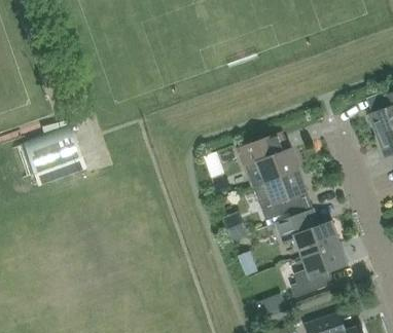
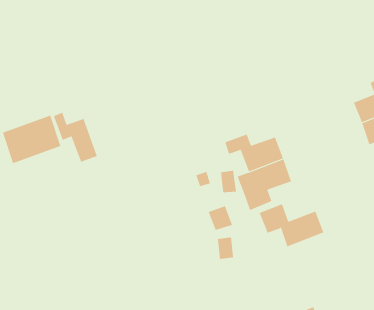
building: none -> [53,112,98,163]
building: [291,243,349,297] -> none

